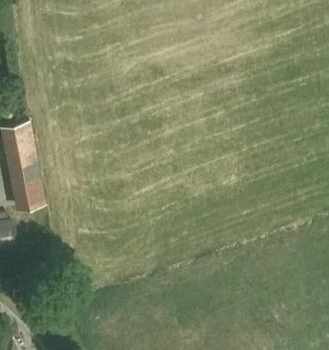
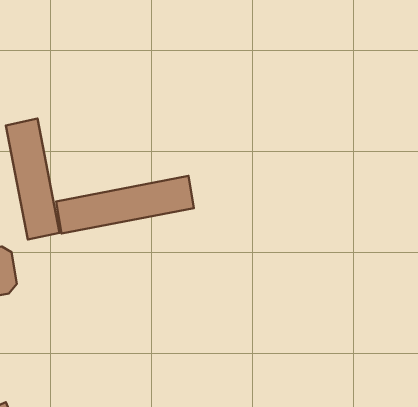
building: none -> [56,176,194,234]

